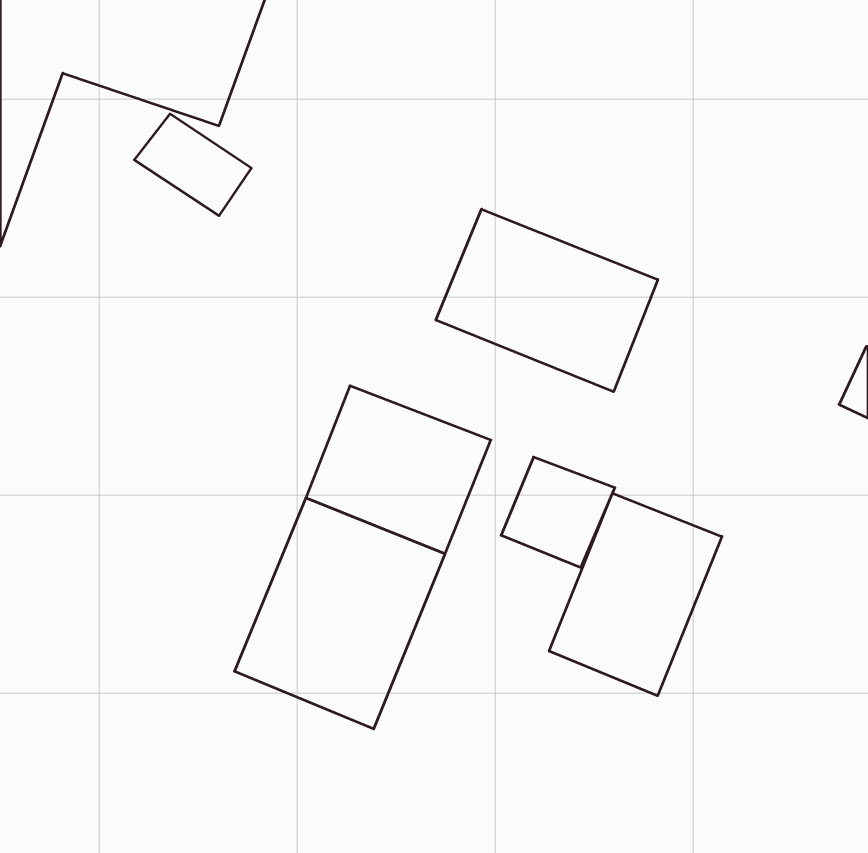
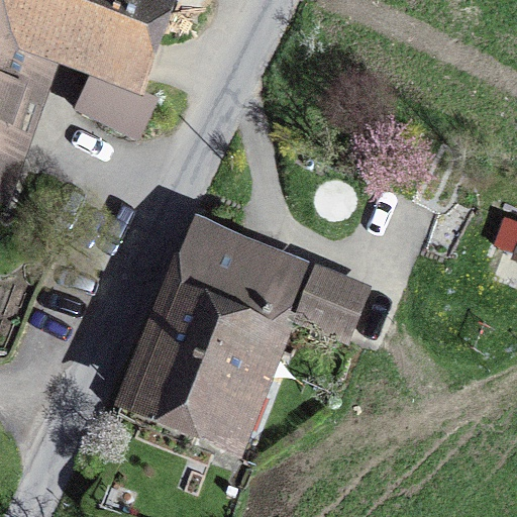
building: [436,209,658,392] -> none
building: [549,493,722,696] -> none

